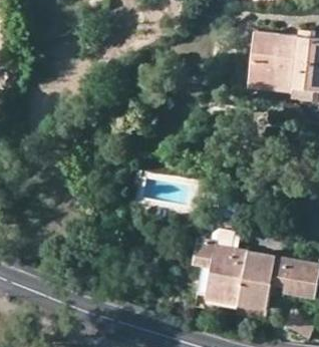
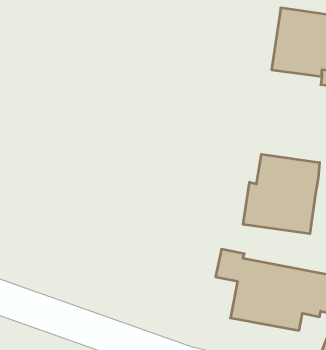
building: none -> [243,154,320,234]

